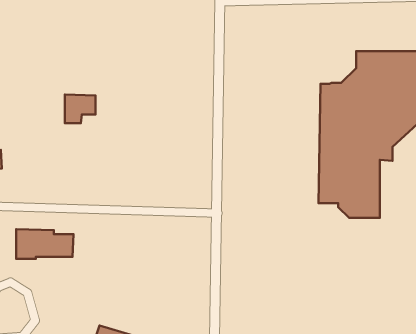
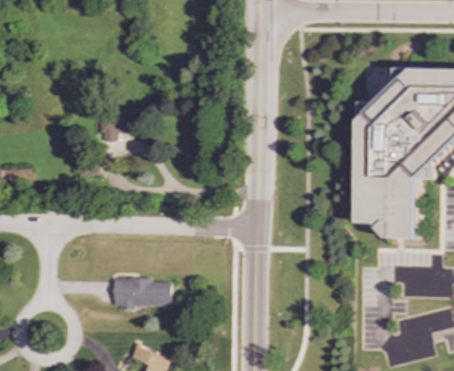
building: [16,229,73,259] -> [111,277,169,307]

